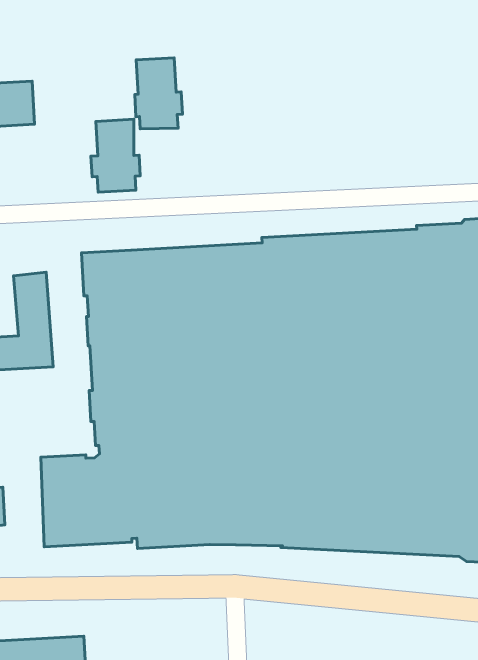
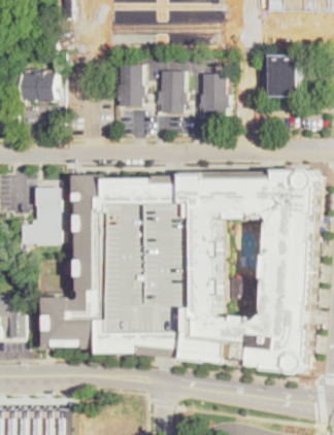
building: none -> [268,54,305,96]
building: none -> [198,73,226,115]
building: [91,119,140,192] -> [155,70,183,112]

